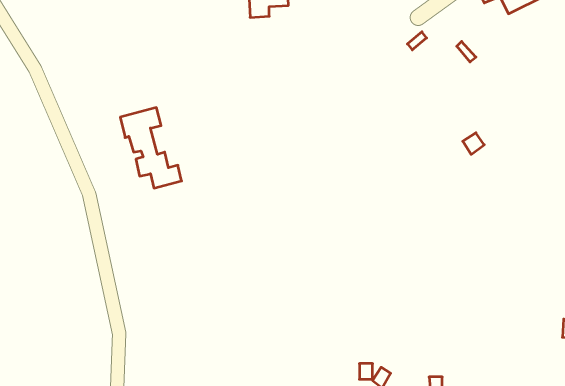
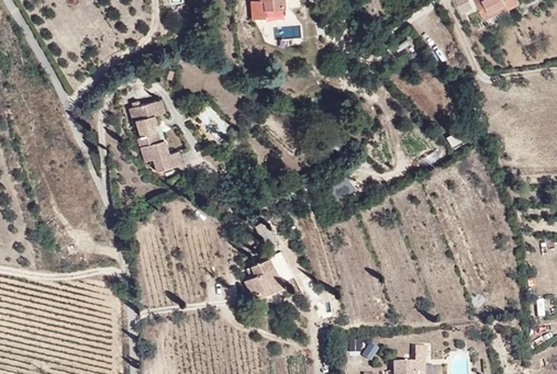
building: none -> [245,260,285,297]

